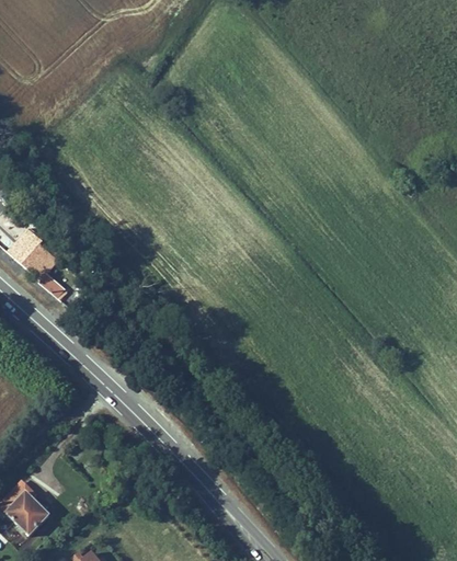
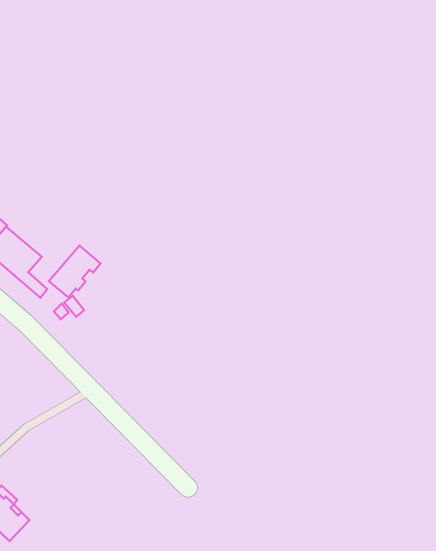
building: none -> [49,245,100,297]

